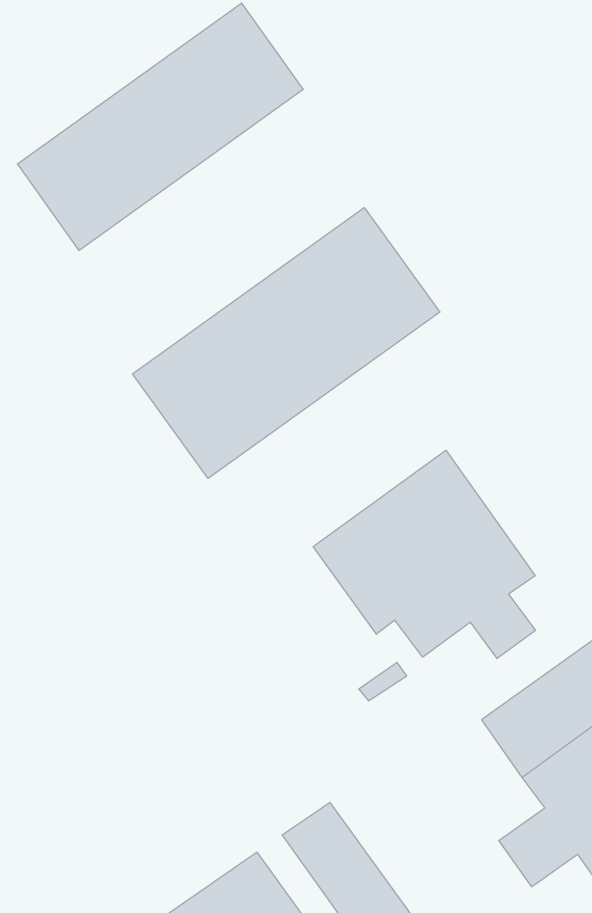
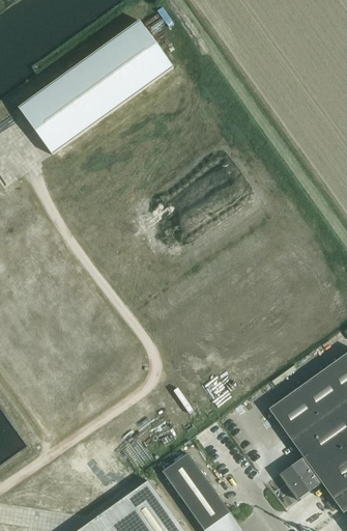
building: [132,208,440,478] -> none
building: [313,450,535,659] -> none

